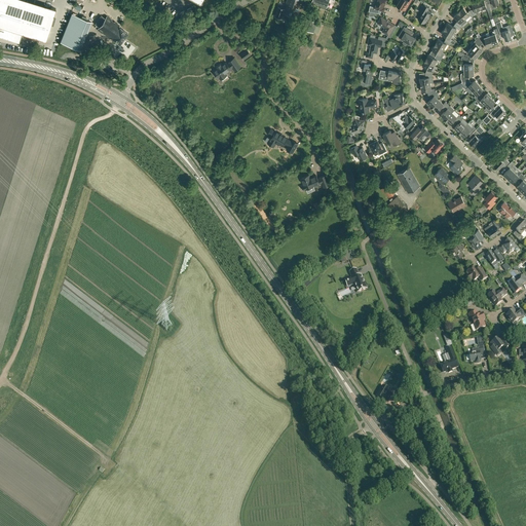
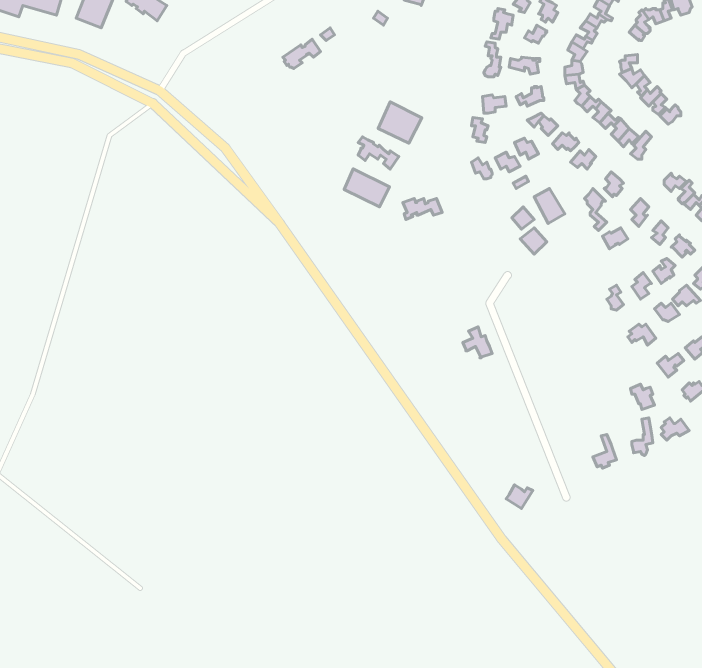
building: none -> [378,102,422,143]
building: none -> [344,169,390,207]

